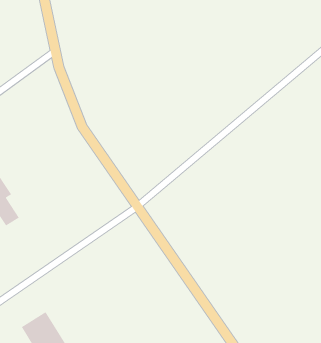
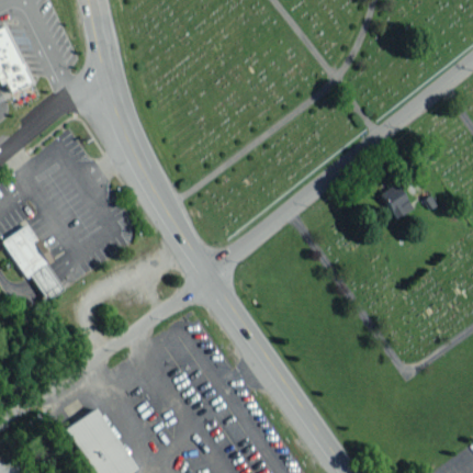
building: none -> [380,183,414,218]

